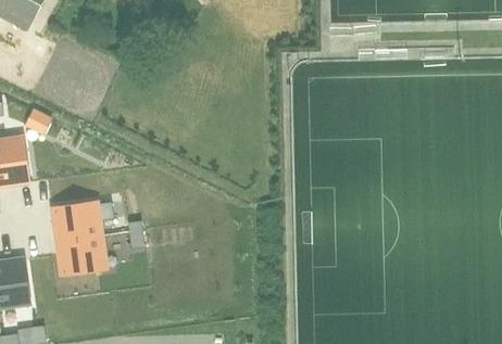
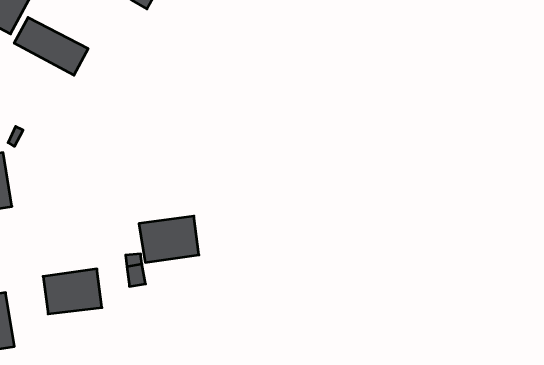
building: none -> [14,17,88,75]
building: [50,201,102,241] -> [139,216,199,262]

